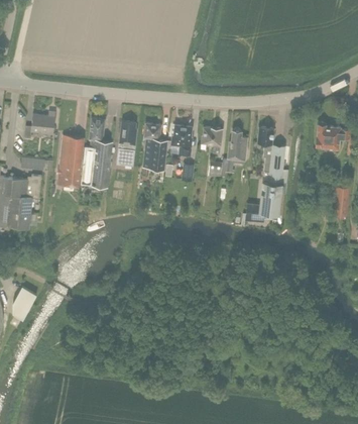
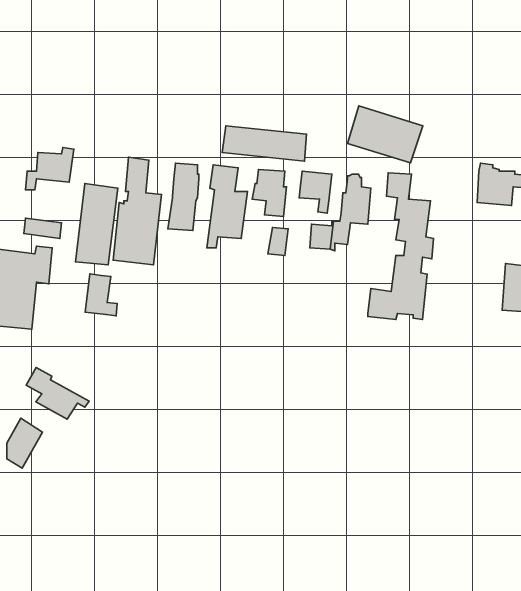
building: none -> [348,106,423,163]
building: none -> [222,126,307,161]
building: none -> [85,274,117,316]
building: none -> [26,367,89,419]

